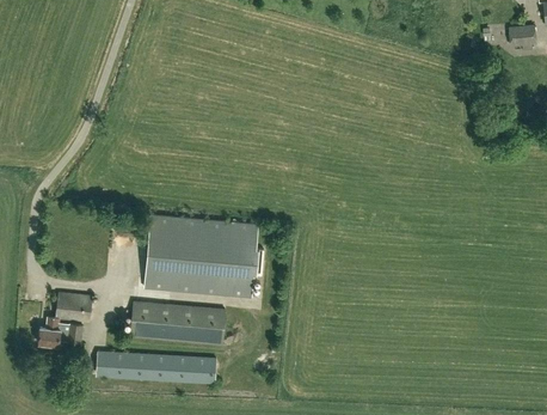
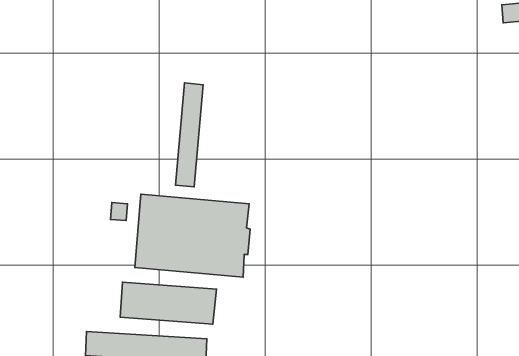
building: none -> [175,83,203,187]
building: [38,291,91,344] -> none

